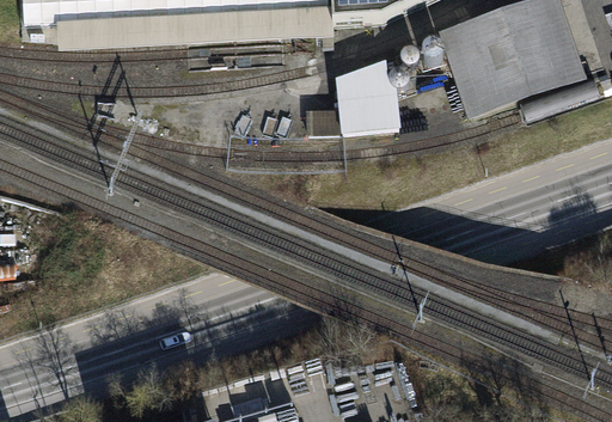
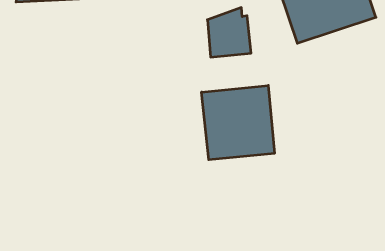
building: none -> [202,85,274,160]

